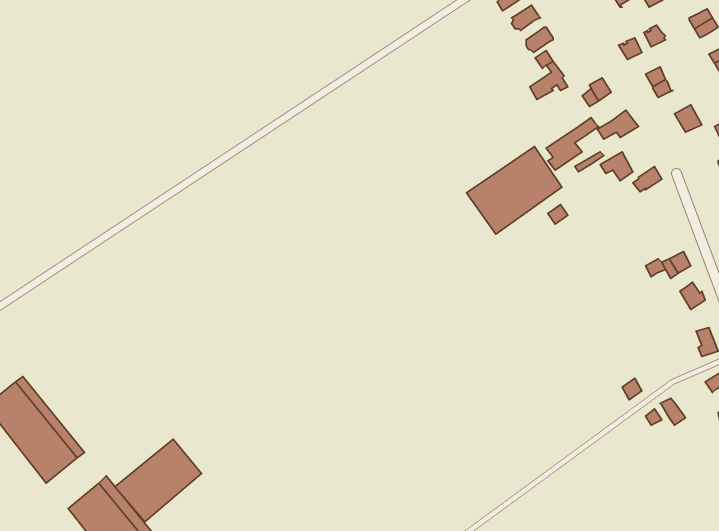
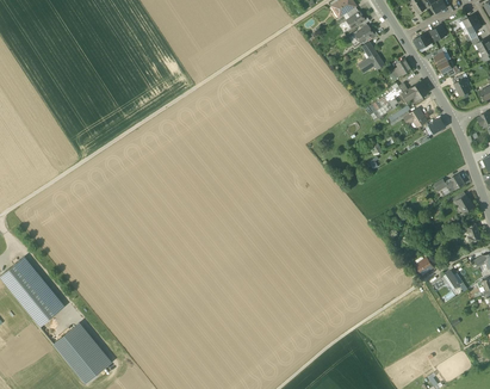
building: [466,147,562,234] -> none
building: [115,439,201,522] -> none

